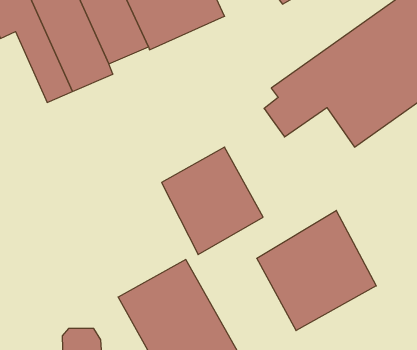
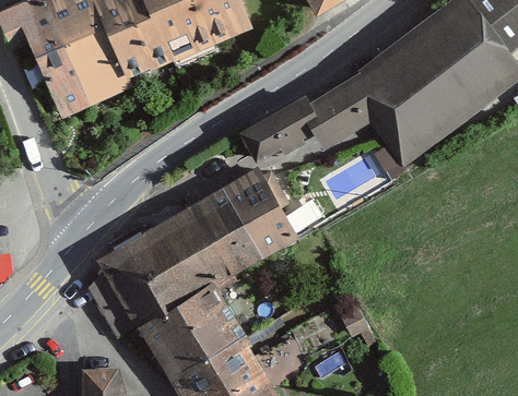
building: none -> [240,97,314,164]
building: none -> [89,205,227,338]
building: [257,210,376,331] -> none

